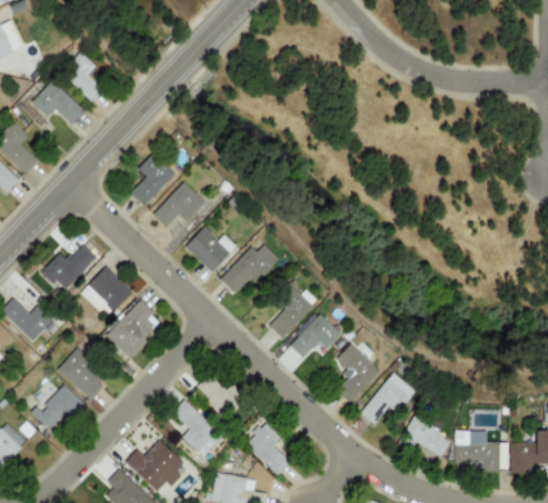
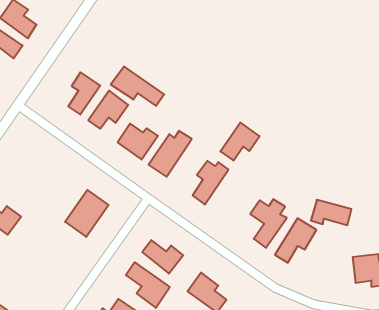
building: none -> [111,66,164,106]
building: [40,243,97,290] -> none
building: [81,265,132,318] -> none
building: [289,313,340,359] -> [220,123,260,161]
building: [57,350,106,398] -> none
building: [33,383,84,430] -> none
building: [398,419,450,455] -> [311,200,351,225]

